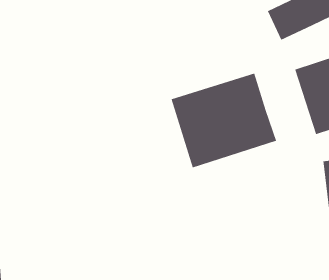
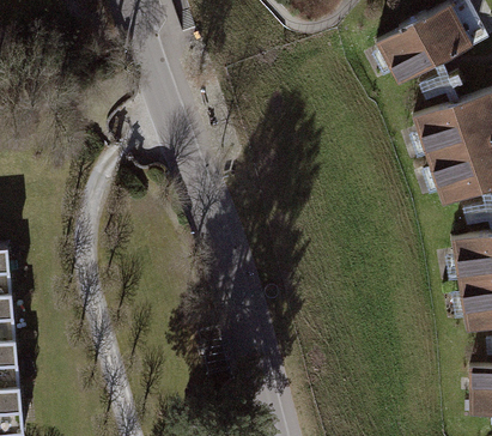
building: [171,72,277,168] -> none

